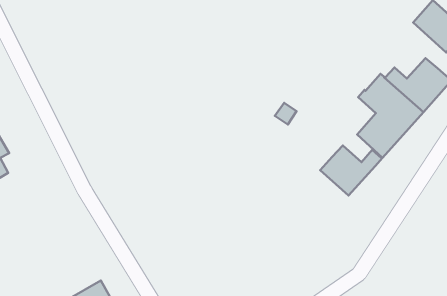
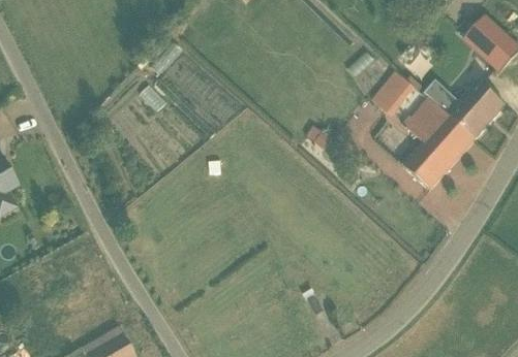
building: none -> [372,69,415,113]
building: [320,146,382,196] -> none

